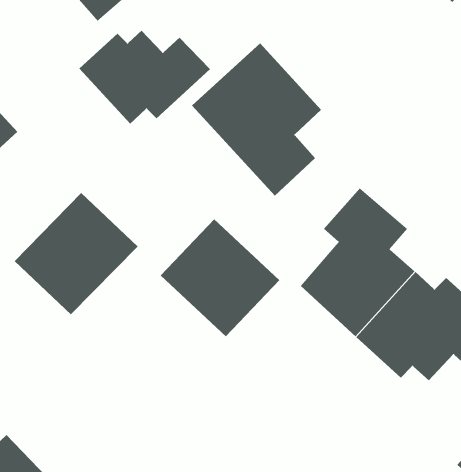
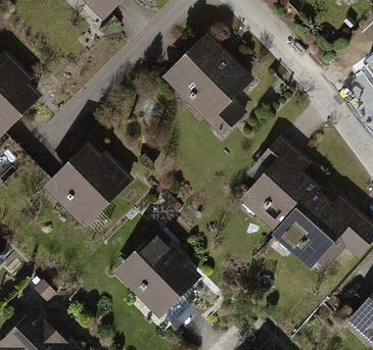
building: [78,30,211,125] -> none
building: [160,218,280,337] -> [113,232,197,314]

